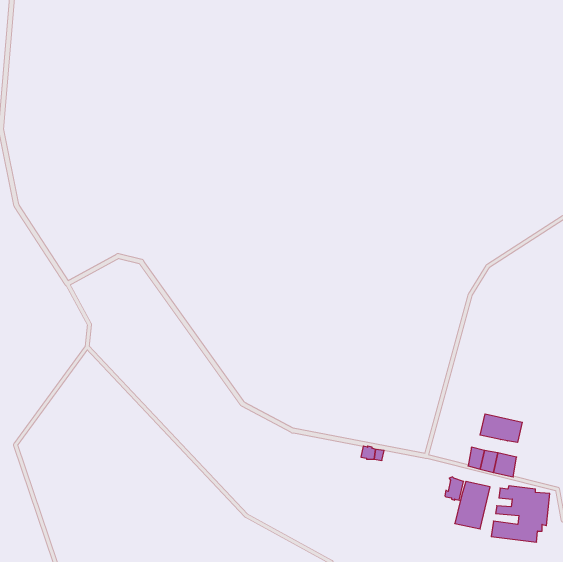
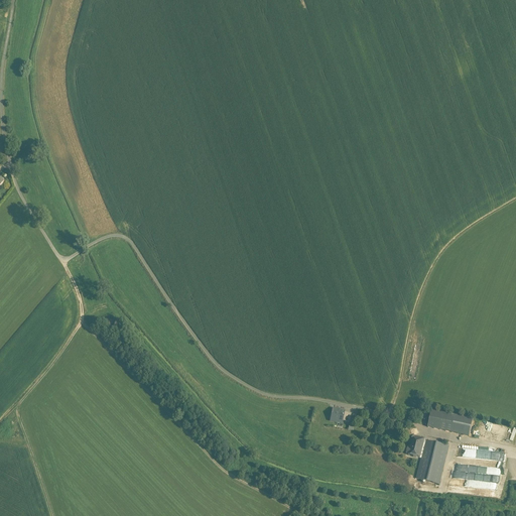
building: [480,414,522,442] -> none

